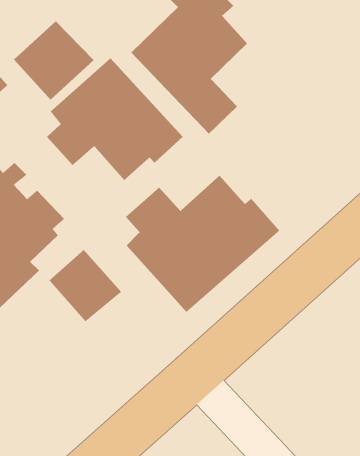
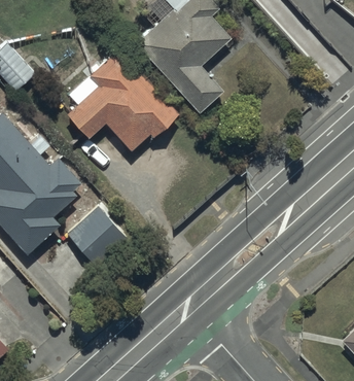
building: [13,20,94,100] -> none
building: [125,175,280,313] -> none

